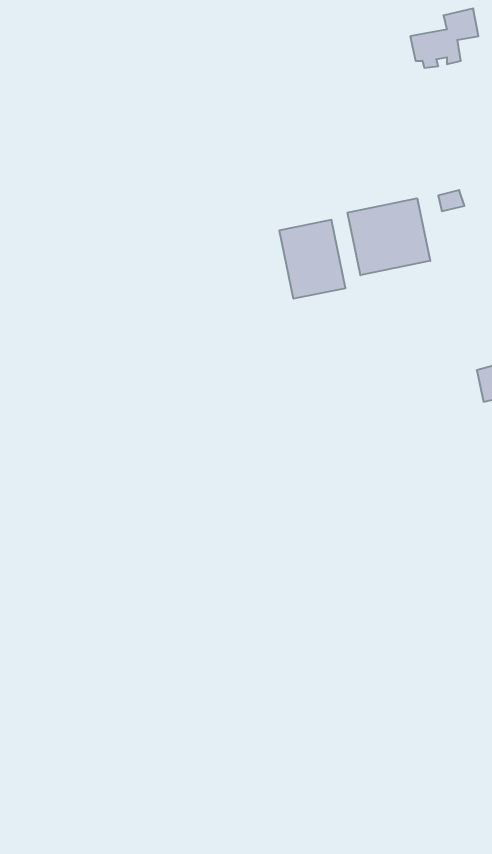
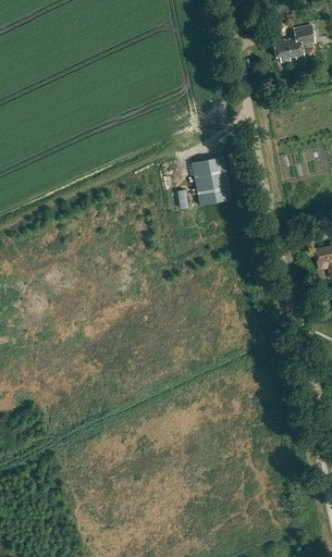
building: [347,198,430,275] -> none

